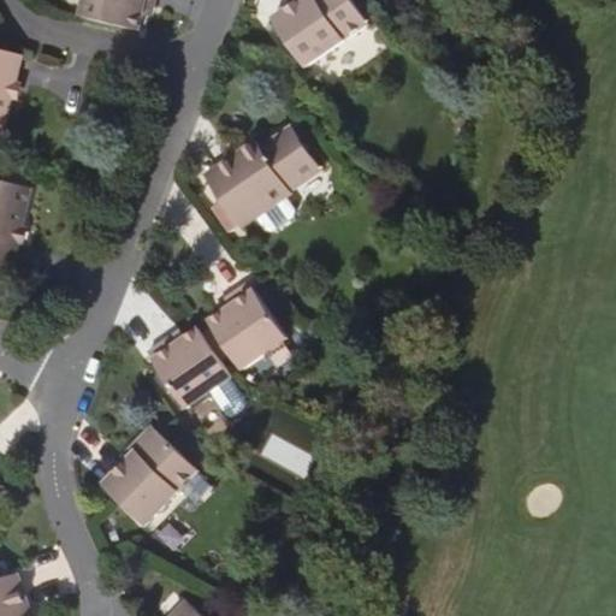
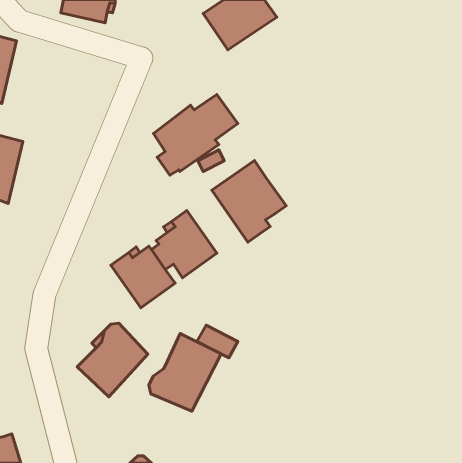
building: none -> [212,161,286,242]
building: none -> [149,334,221,411]

